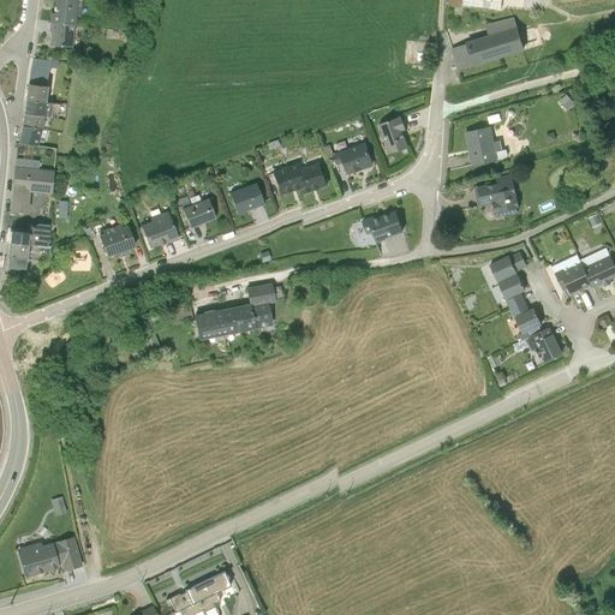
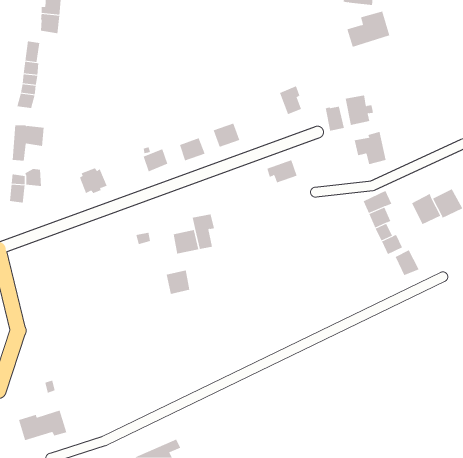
building: none -> [325,106,344,131]
building: [328,142,363,174] -> none
building: [147,209,185,246] -> none
building: [201,309,233,341] -> [166,270,190,294]

